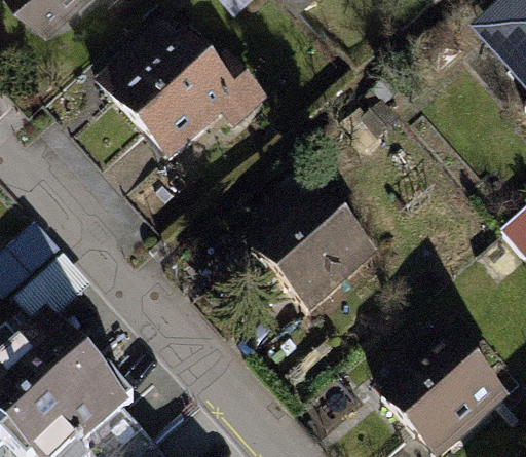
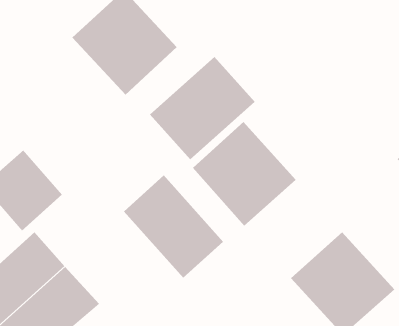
building: none -> [149,56,256,160]
building: none -> [123,175,224,279]

